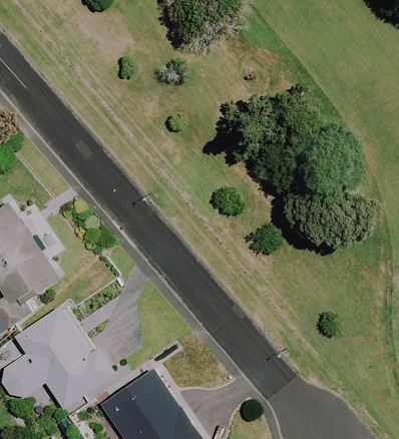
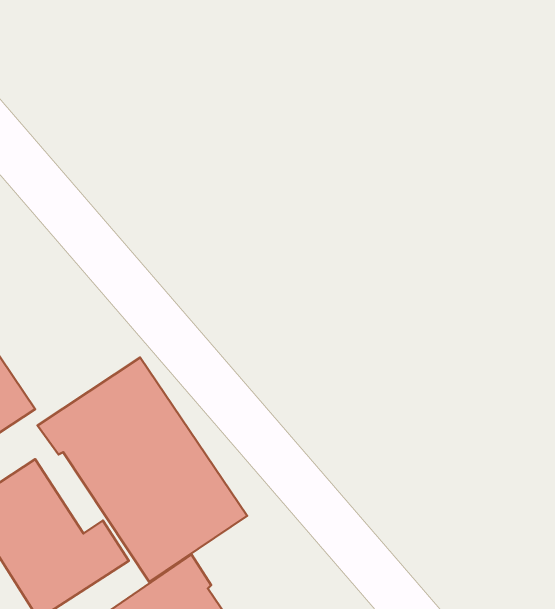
building: none -> [38,358,247,582]

